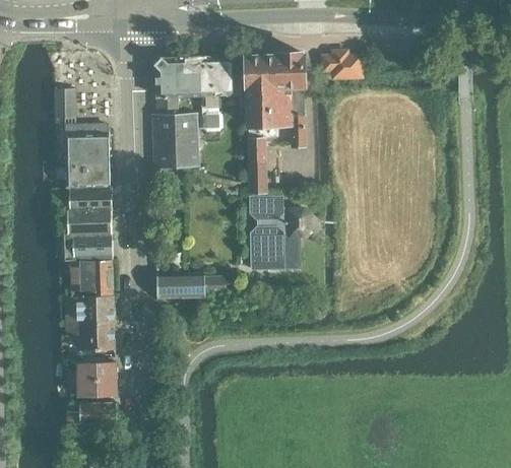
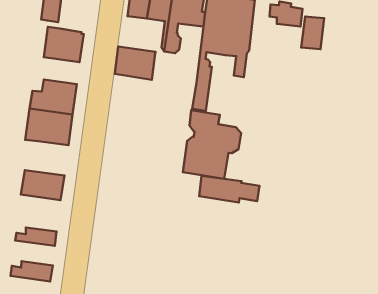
building: none -> [301,17,324,49]
building: [152,95,197,134] -> none
building: [59,159,111,187] -> none
building: [66,259,114,296] -> none
building: [156,273,227,298] -> [199,176,260,202]
building: [66,325,115,350] -> none
building: [68,380,116,397] -> none

